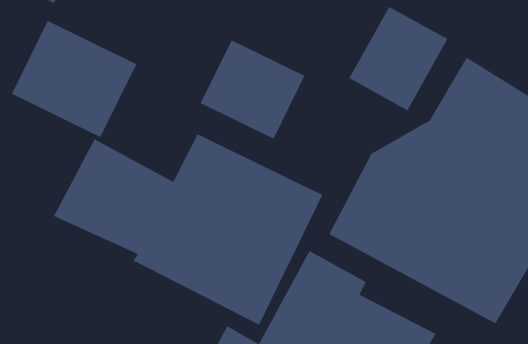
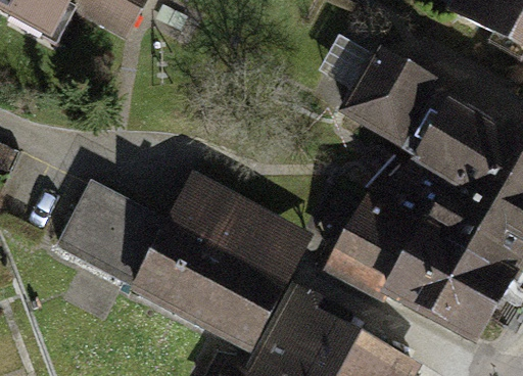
building: [11,20,137,138] -> none
building: [200,40,305,140] -> none

